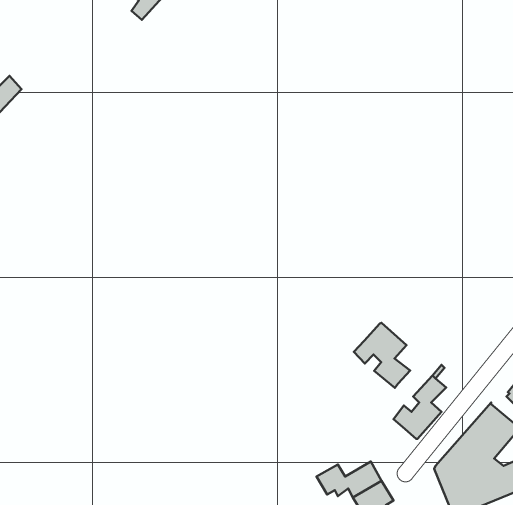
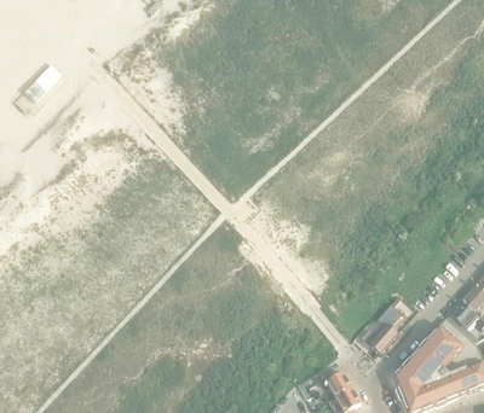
building: [354,323,410,388] -> none

